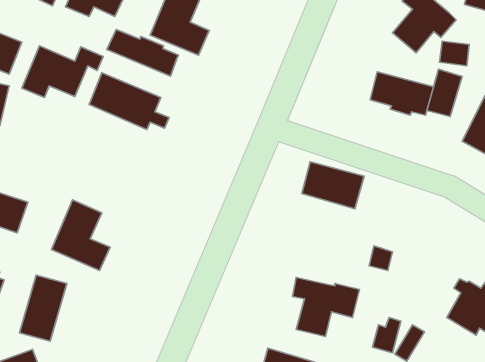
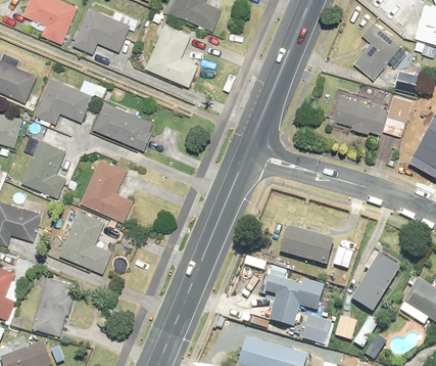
building: [107,29,178,76] -> none
building: none -> [21,139,65,195]
building: none -> [79,157,132,220]
building: [302,162,364,209] -> [283,227,337,268]
building: none -> [355,254,403,314]
building: none -> [306,318,334,342]

